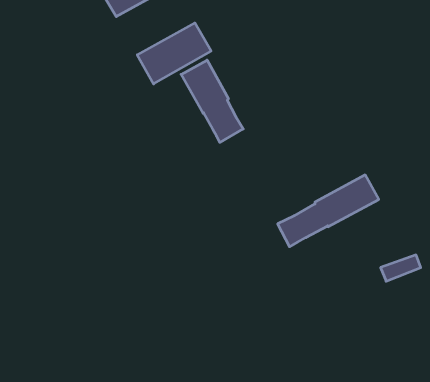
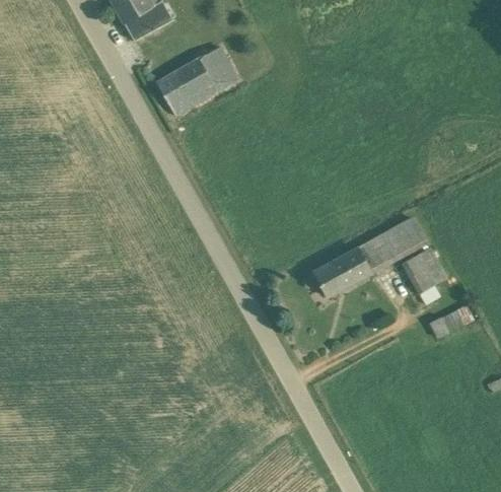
building: [181,60,243,142] -> none
building: none -> [402,254,436,293]

